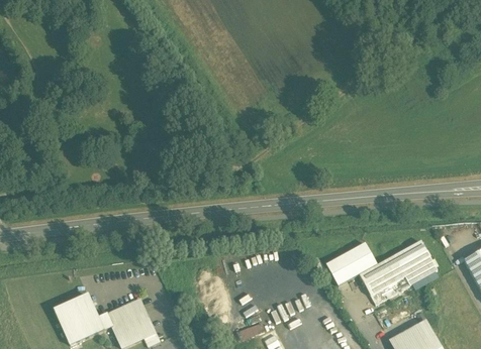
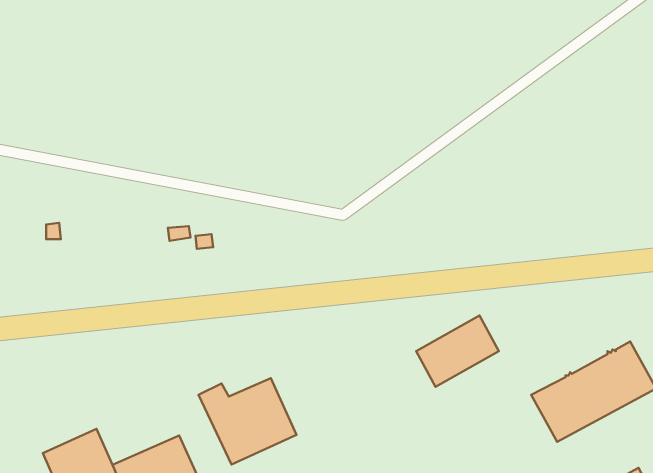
building: [325,241,377,285] -> [416,315,499,387]
building: none -> [199,378,297,465]

